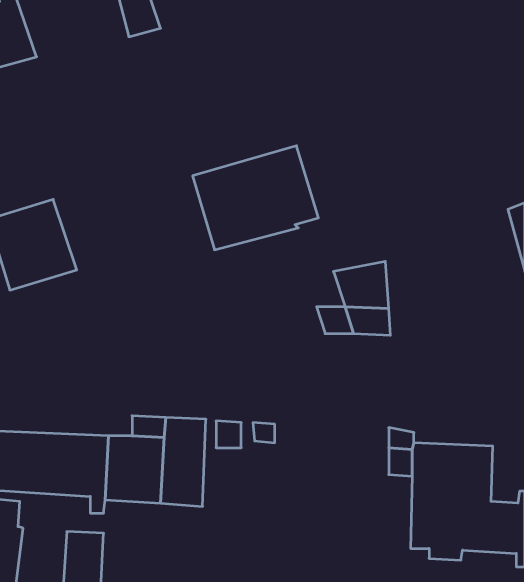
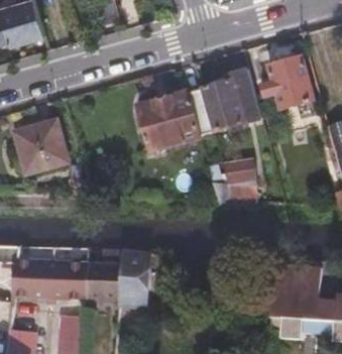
building: none -> [260,56,314,108]
building: none -> [200,76,260,131]

